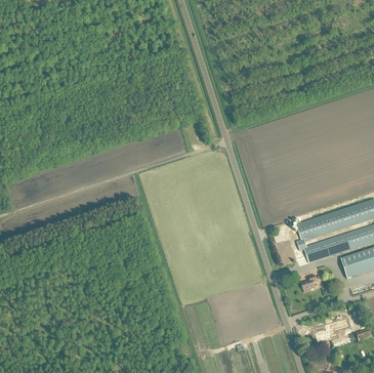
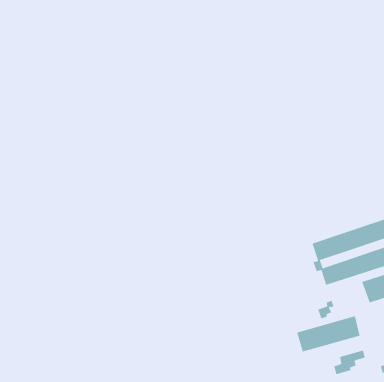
building: none -> [296,315,360,352]

